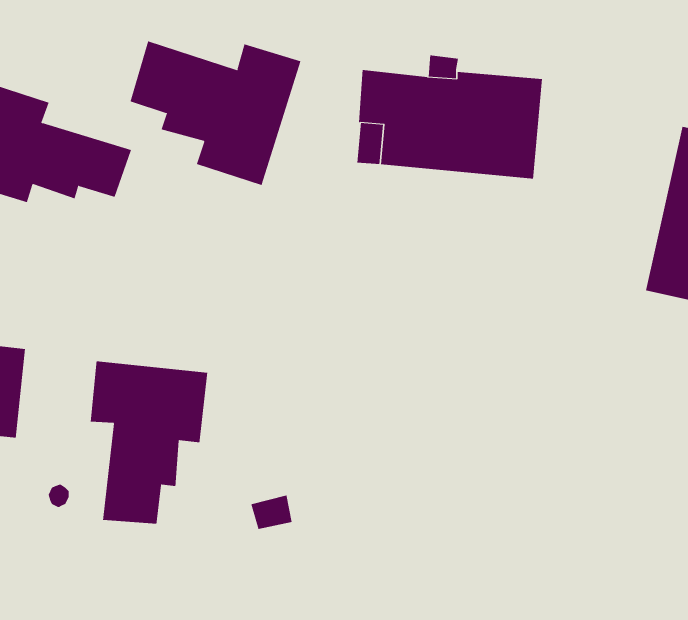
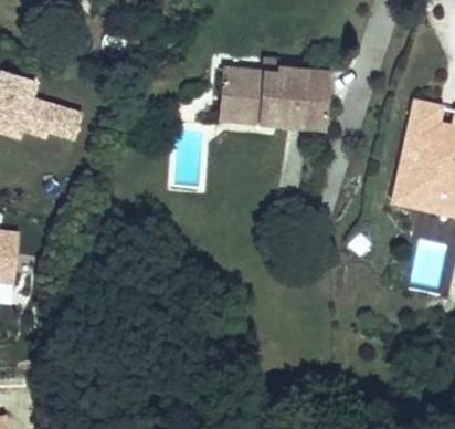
building: [130,41,301,186] -> none
building: [90,361,208,525] -> none

